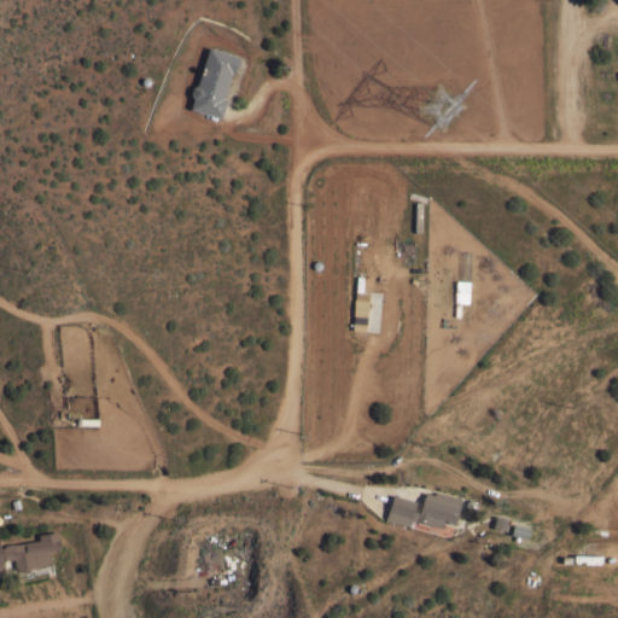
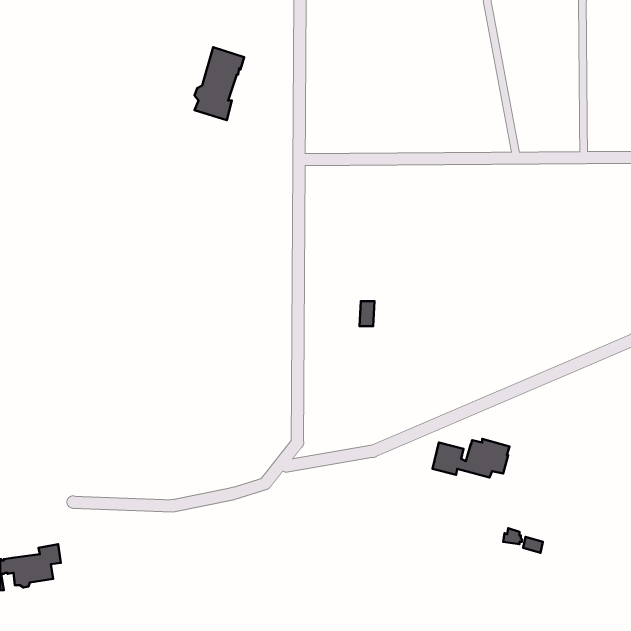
building: [387,492,462,530] -> [433,439,509,477]

